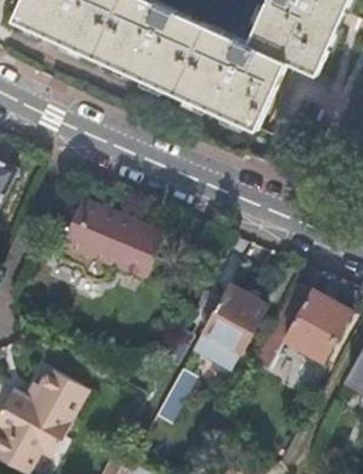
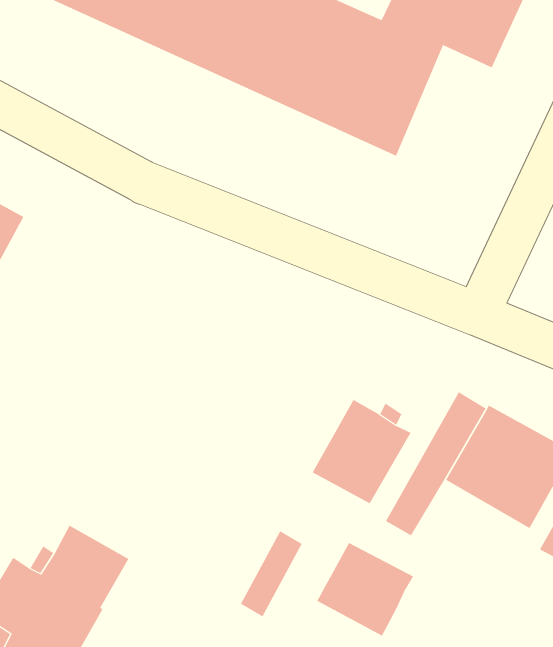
building: [60,197,163,279] -> none
building: none -> [316,542,414,637]

